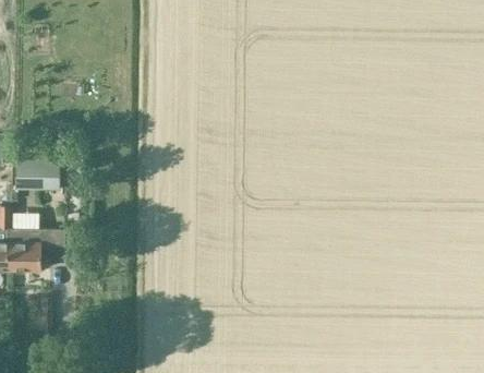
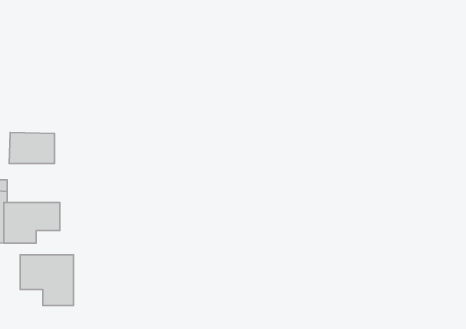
building: none -> [20,255,74,305]

